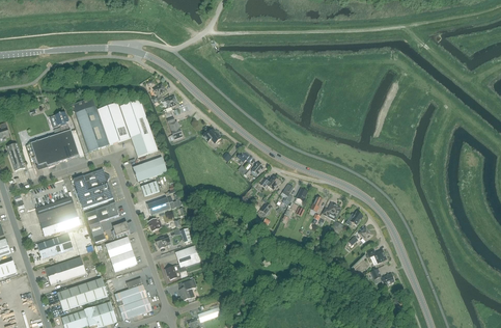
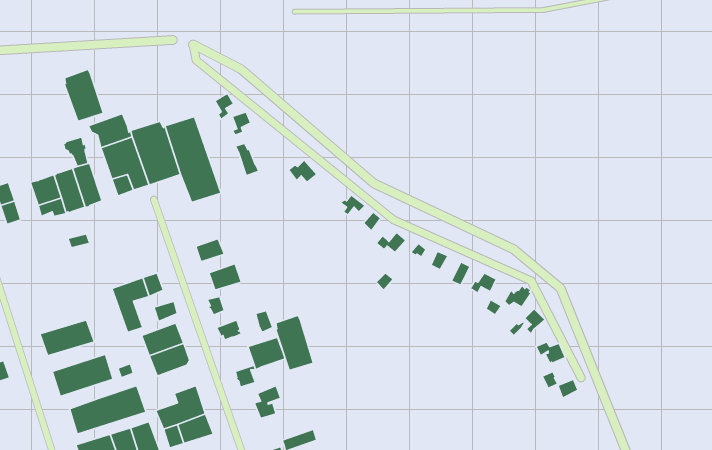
building: none -> [64,69,103,122]
building: [132,157,166,183] -> none
building: [73,169,112,209] -> none
building: [34,197,79,237] -> none
building: none -> [275,315,313,370]

